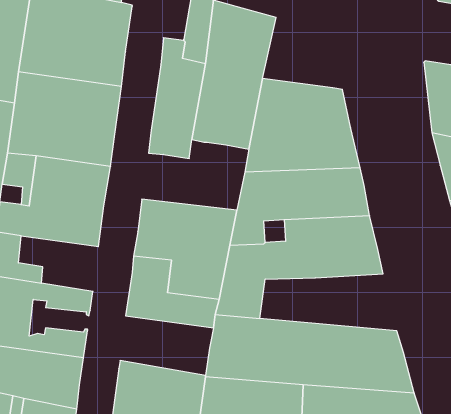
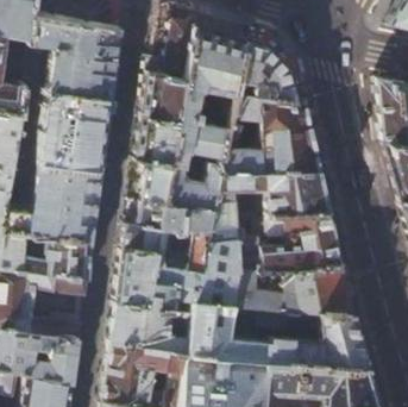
building: none -> [237,42,299,104]
building: none -> [131,154,225,211]
building: none -> [23,233,93,282]
building: none -> [234,267,354,317]
building: none -> [112,303,194,356]

